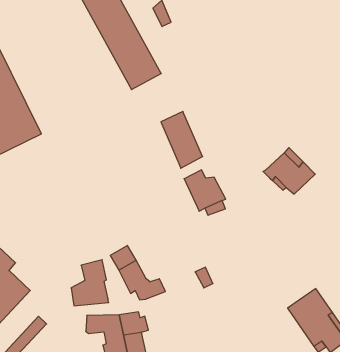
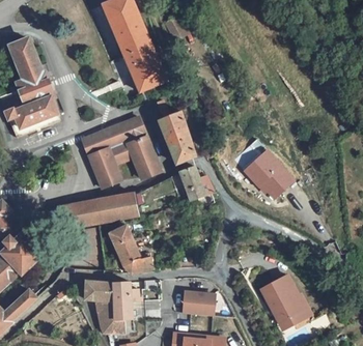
building: none -> [83,117,159,188]
building: none -> [68,193,135,227]
building: none -> [183,292,214,316]

